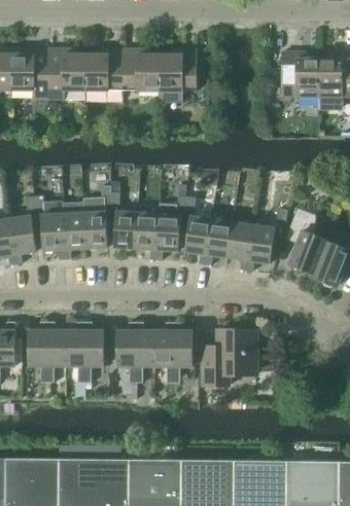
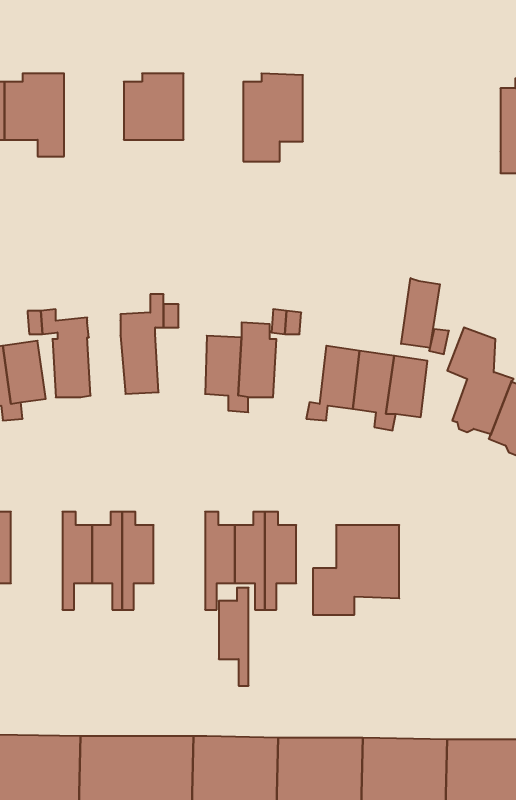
building: [48,50,85,102] -> none
building: [122,50,160,92] -> none
building: [281,53,319,99] -> none
building: none -> [401,278,440,348]
building: [59,204,86,260] -> none
building: [114,212,137,249] -> none
building: [185,216,211,255] -> none
building: [29,322,47,383] -> none
building: [117,322,136,383] -> [219,588,249,686]

